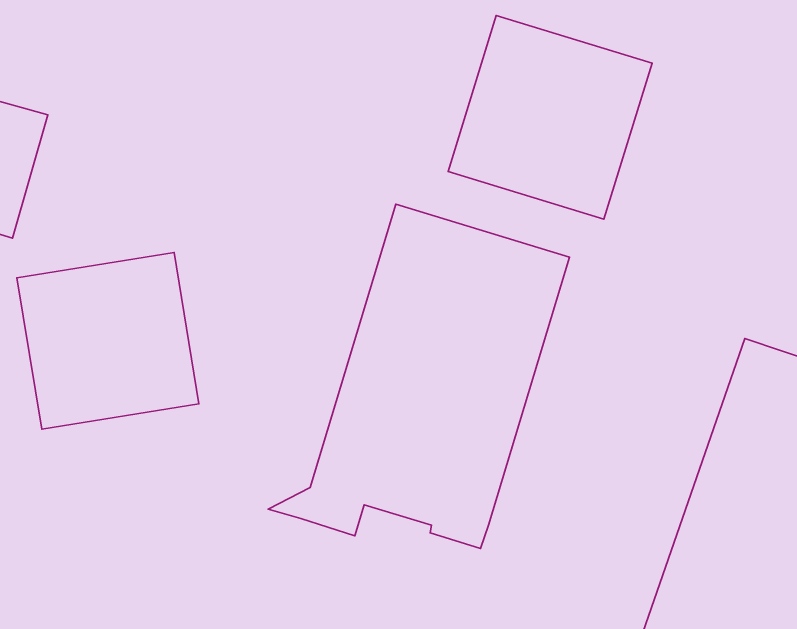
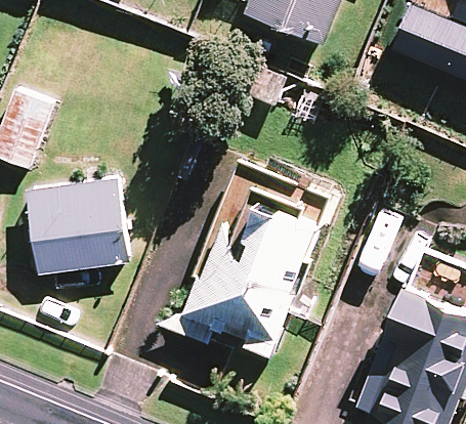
building: [448,15,652,219] -> none

